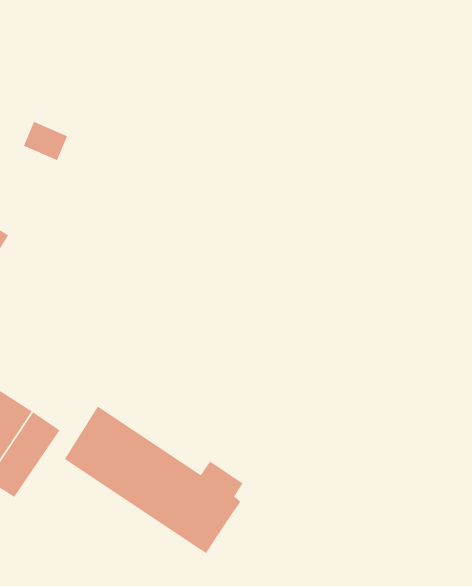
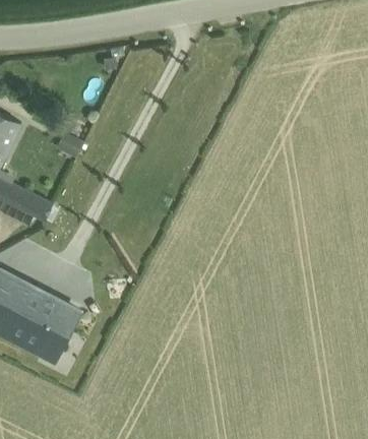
building: [64,405,243,554] -> none

